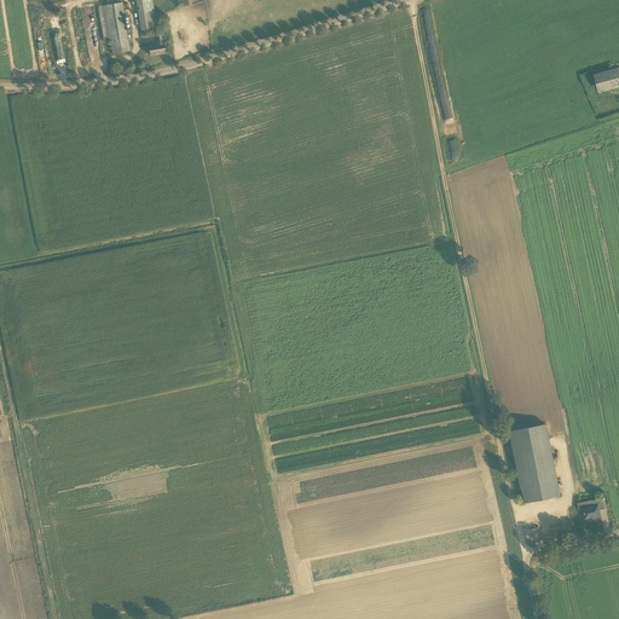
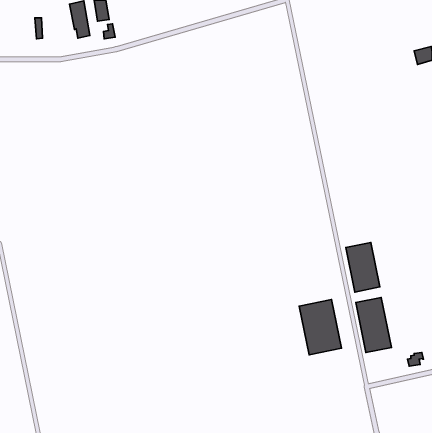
building: none -> [346,242,380,292]
building: none -> [299,300,341,355]

